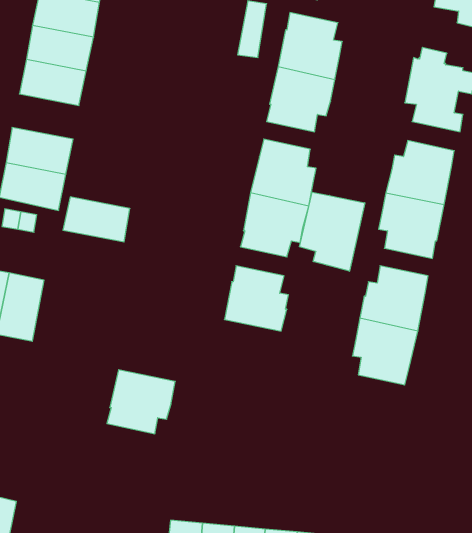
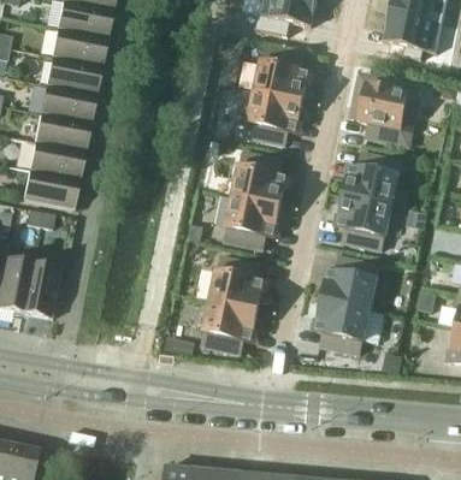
building: [299,192,365,271] -> none
building: [63,197,130,242] -> [34,113,89,150]
building: [107,370,175,434] -> [200,300,256,352]

